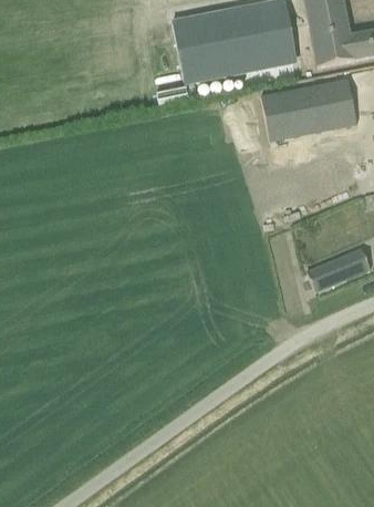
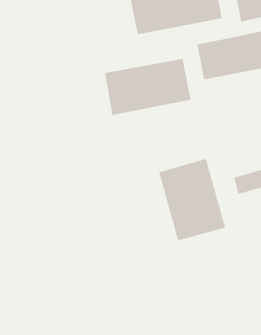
building: none -> [105,58,191,116]
building: none -> [159,158,226,241]

